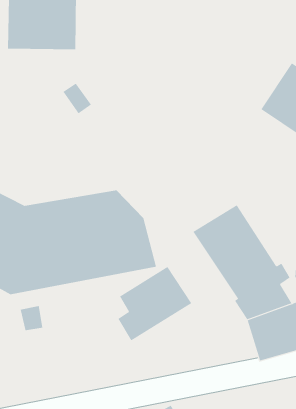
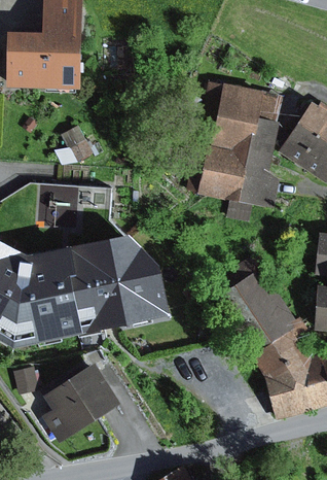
building: none -> [188,80,280,217]
building: [117,266,192,341] -> [39,364,118,443]

